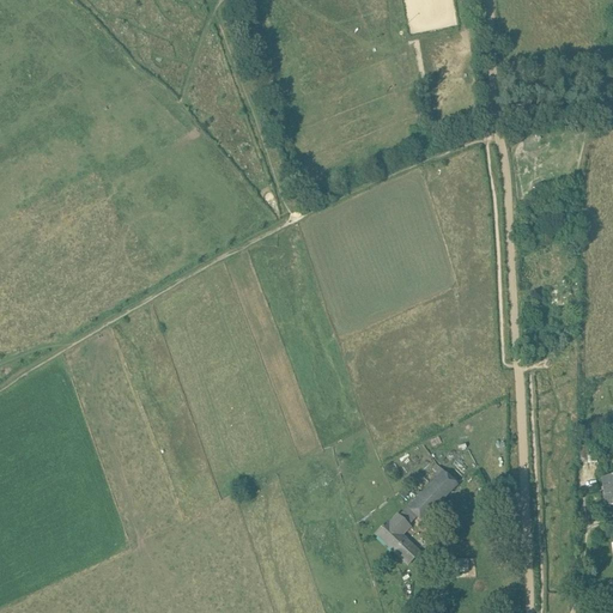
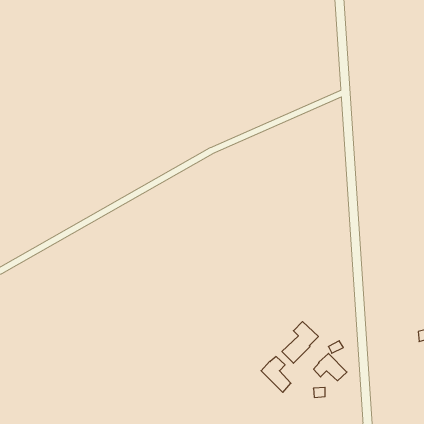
building: none -> [314,353,347,381]

